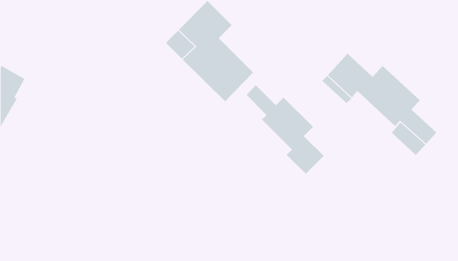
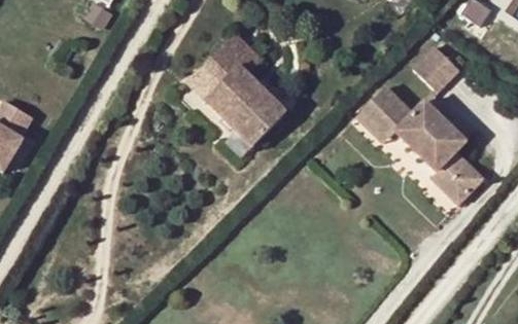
building: none -> [413,46,458,92]
building: [246,85,324,175] -> none

